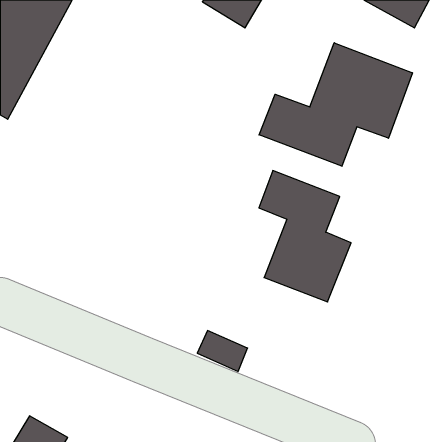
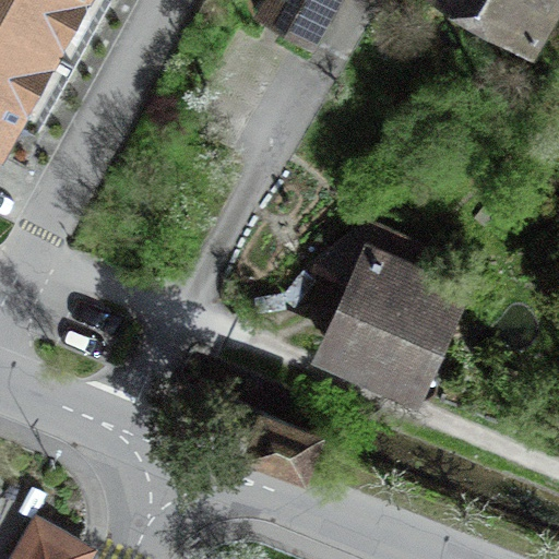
building: [259,43,412,166] -> none

